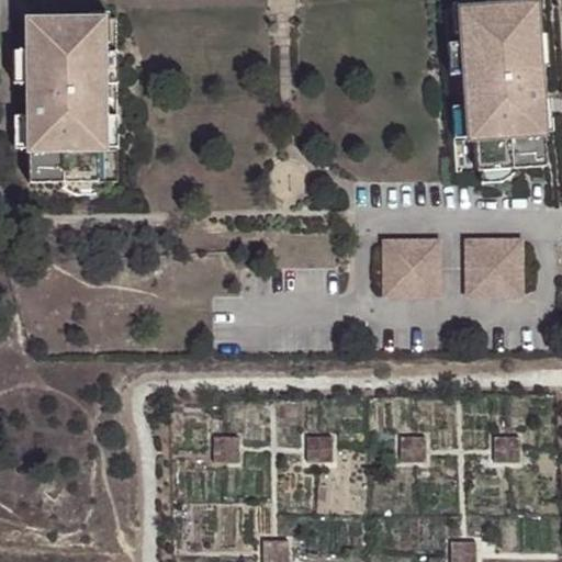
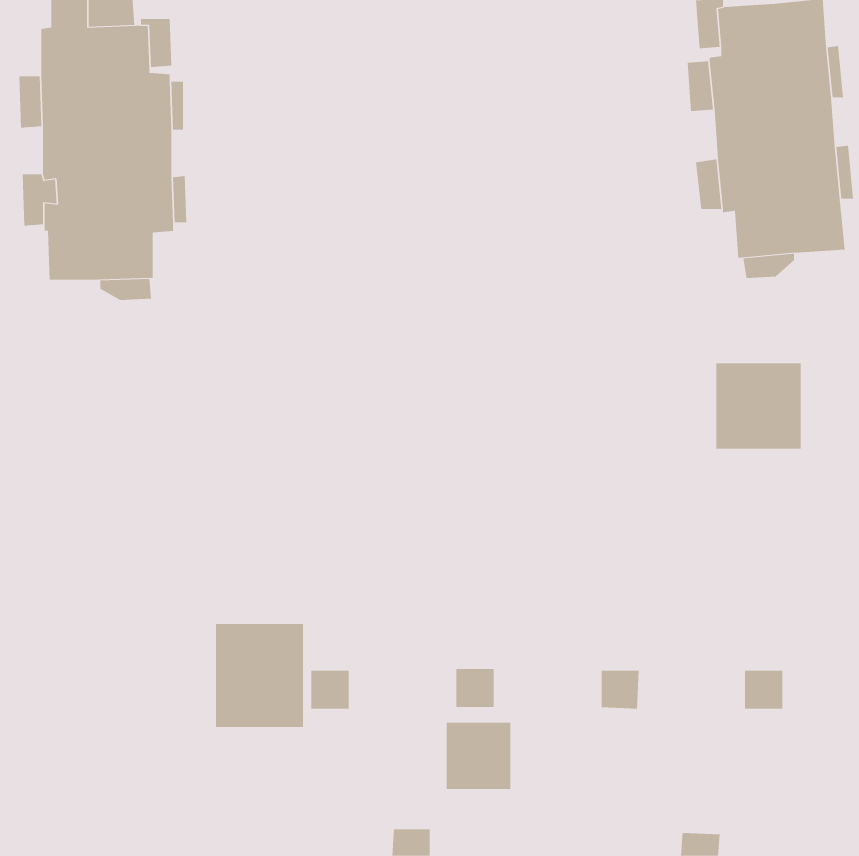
building: [382,236,439,293] -> none
building: none -> [216,623,304,728]
building: none -> [446,722,511,790]

